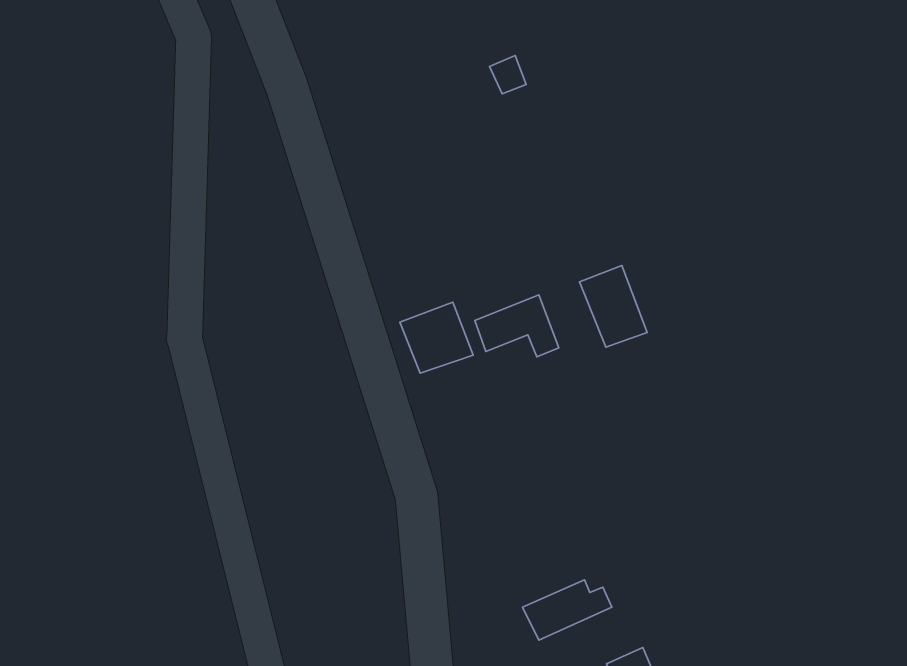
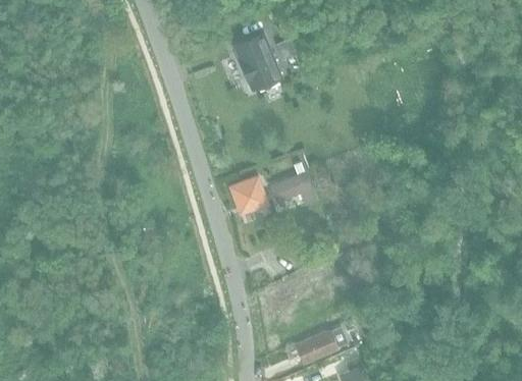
building: none -> [238,30,281,88]
building: [579,266,647,347] -> none

